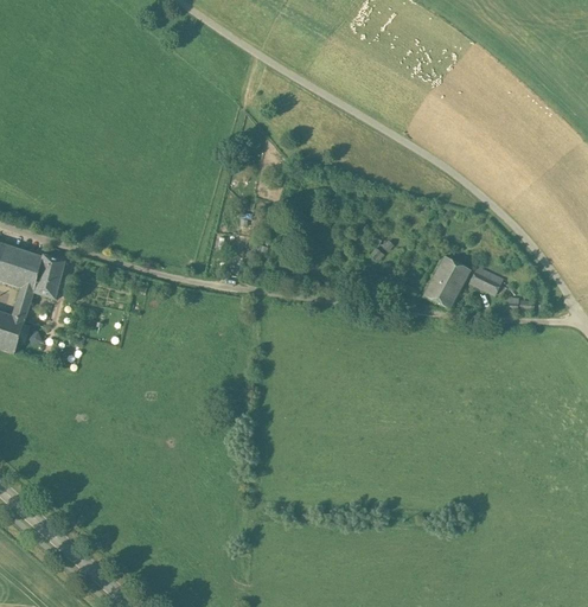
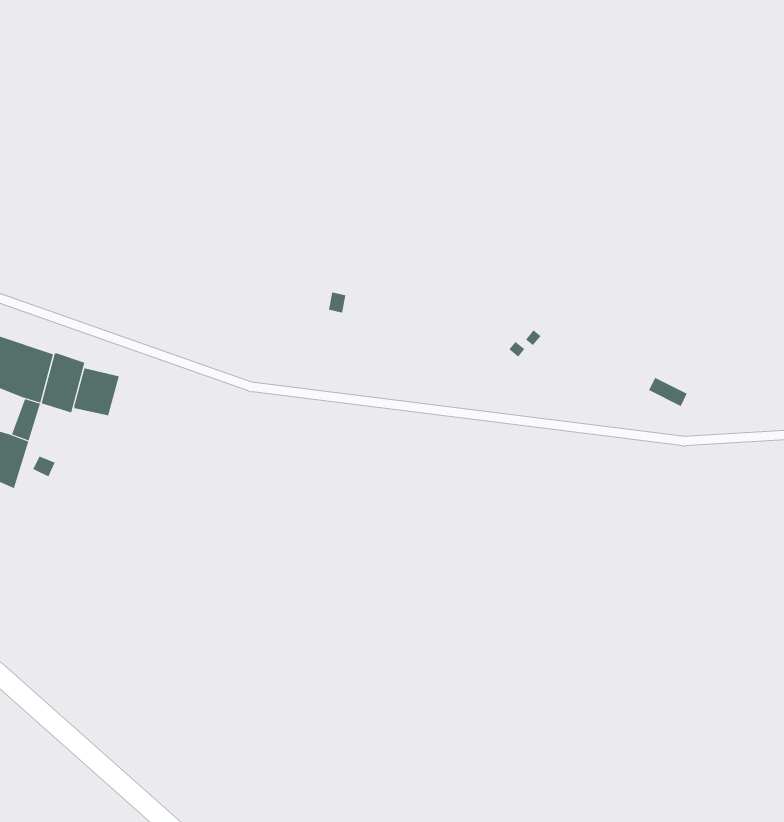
building: [422,256,469,308] -> none
building: none -> [74,367,120,416]

